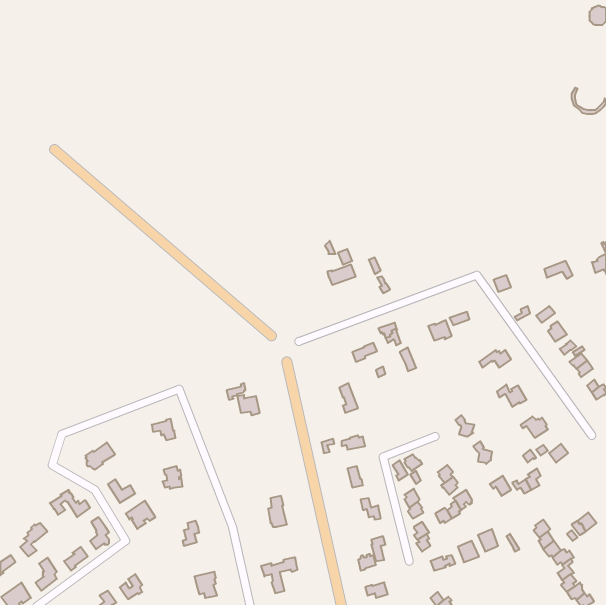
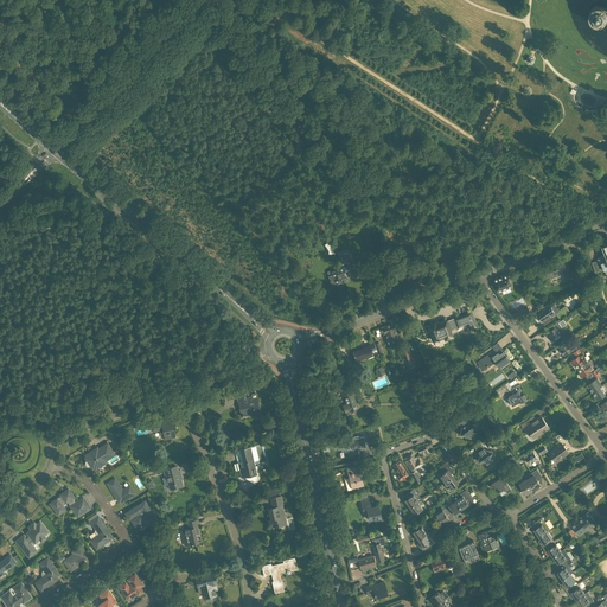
building: none -> [238,446,266,484]

